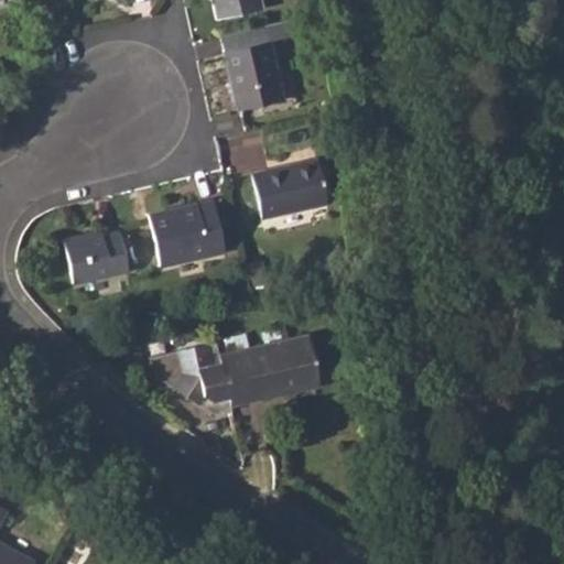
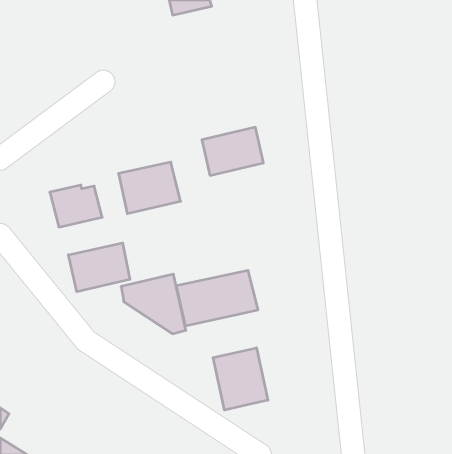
building: [221,25,285,110] -> none
building: none -> [68,243,130,292]
building: none -> [213,348,268,410]

